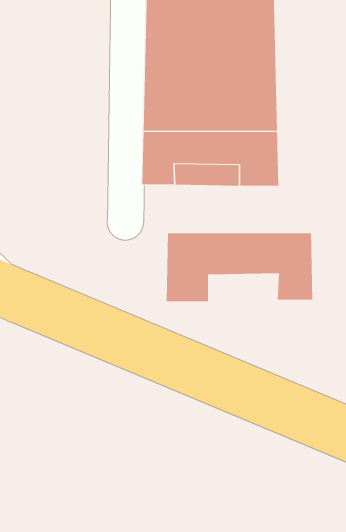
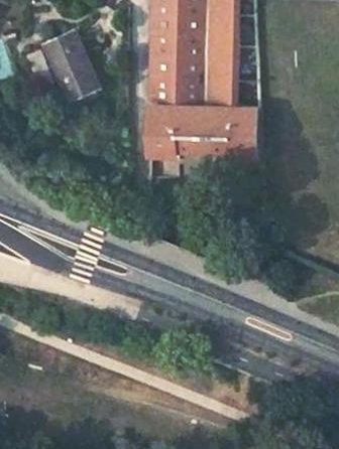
building: none -> [41,29,98,104]
building: [166,233,313,302] -> none

